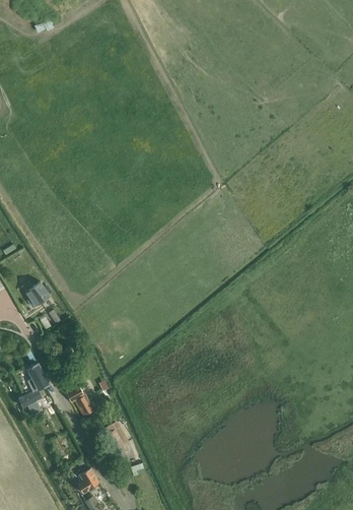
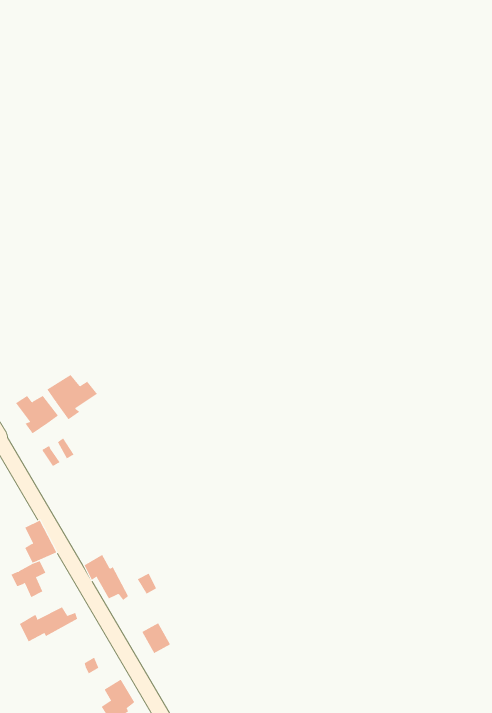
building: none -> [47,374,98,420]
building: none -> [19,606,78,642]

